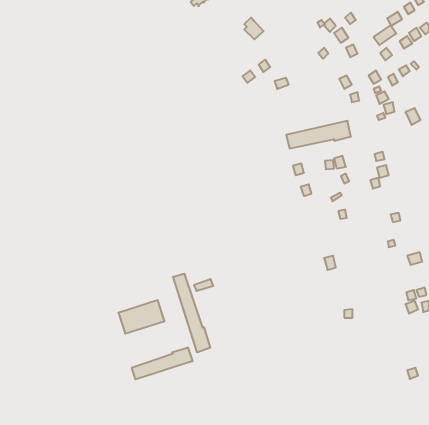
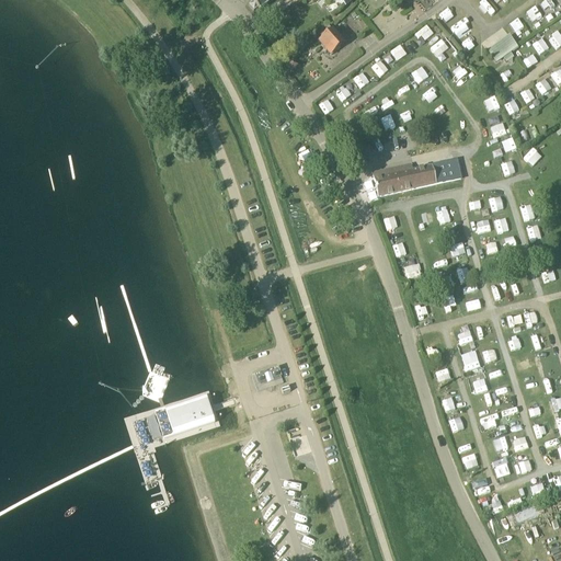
building: [173,274,210,352] -> none
building: [132,347,193,379] -> none

